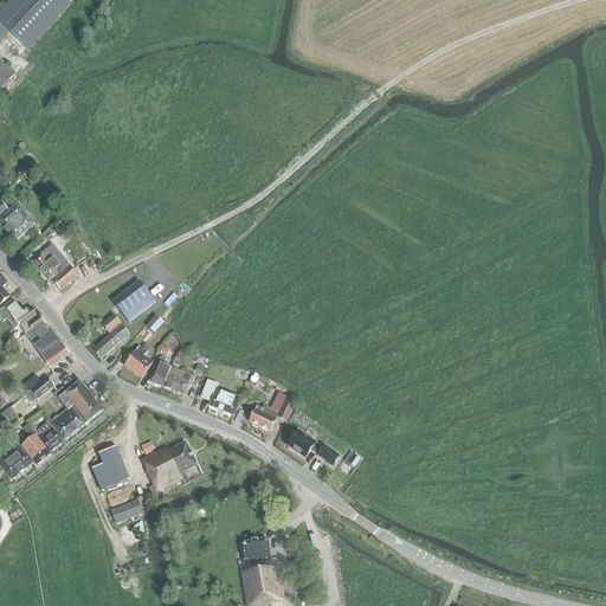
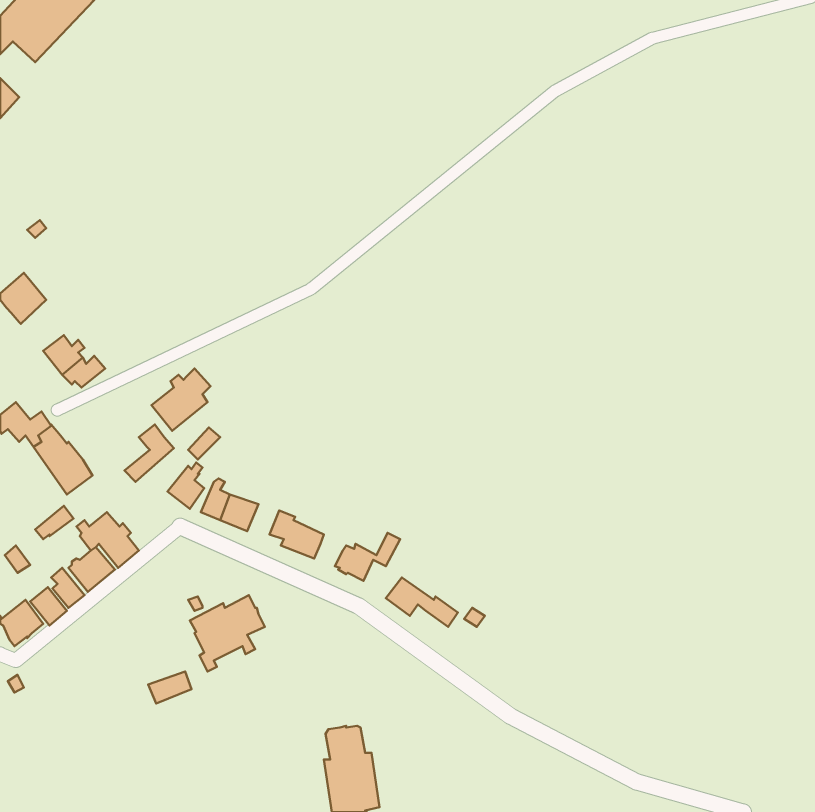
building: [94,446,133,491] -> none

